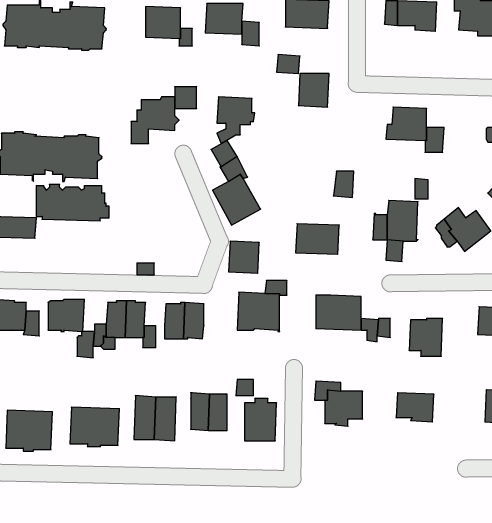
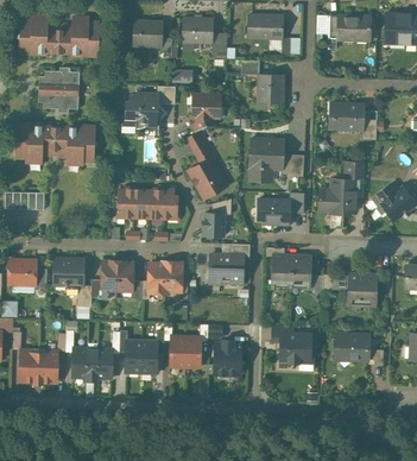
building: none -> [38,67,78,112]
building: none -> [249,138,283,181]
building: [36,184,109,221] -> [119,188,178,217]

